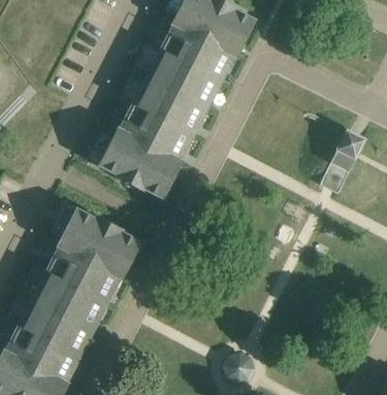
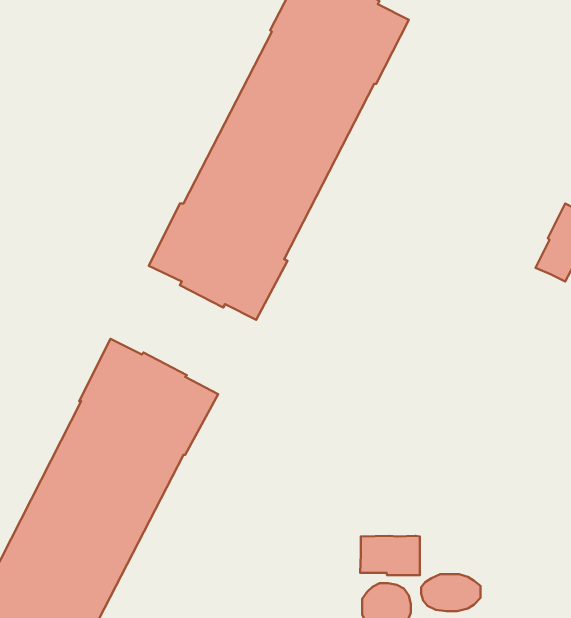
building: none -> [360,536,420,575]
building: none -> [421,574,480,611]

